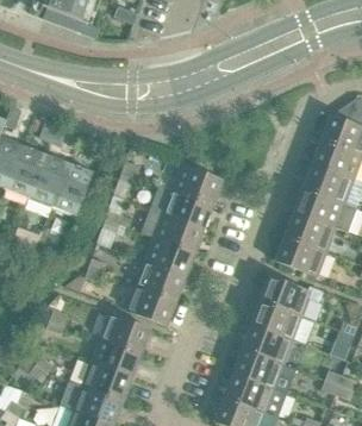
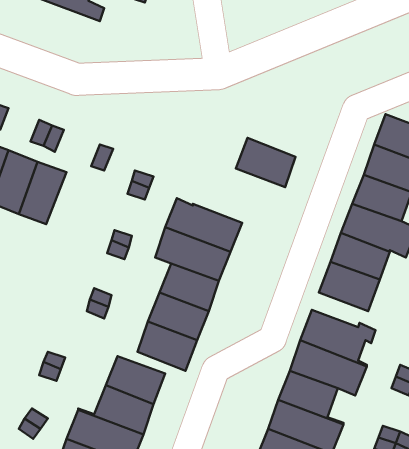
building: [51,162,93,214] -> none
building: [171,163,220,203] -> [236,138,295,187]

